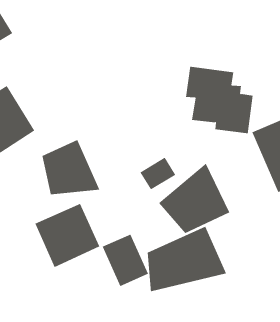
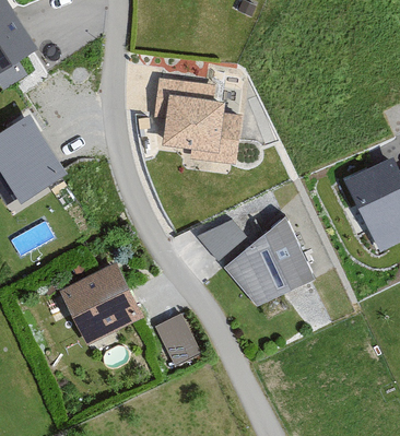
building: [185,66,254,134] -> [154,76,242,163]
building: [42,139,100,195] -> none
building: [147,226,227,292] -> none

